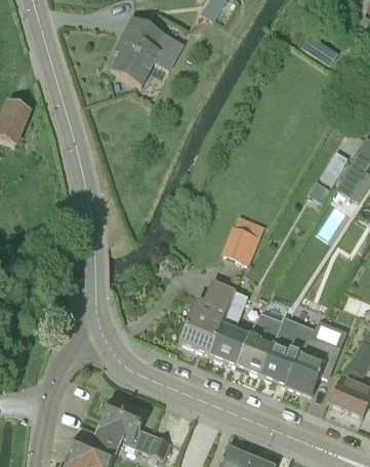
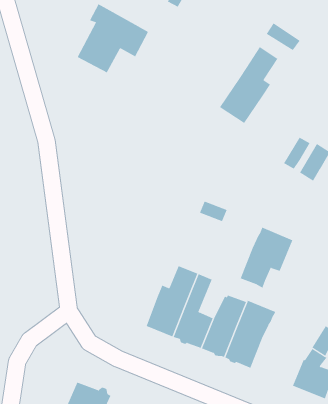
building: none -> [219,46,278,124]
building: [224,228,259,263] -> none
building: [287,334,341,396] -> [240,227,293,289]

